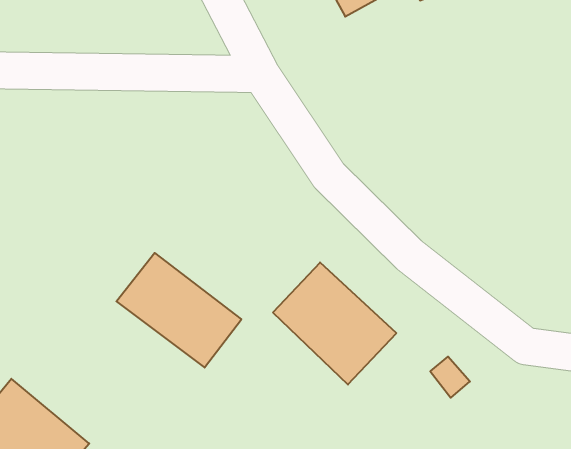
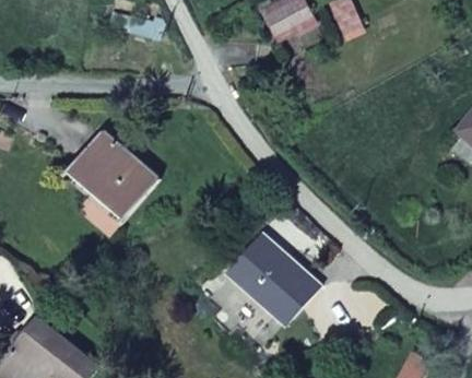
building: [116,253,241,368] -> [69,129,162,214]

